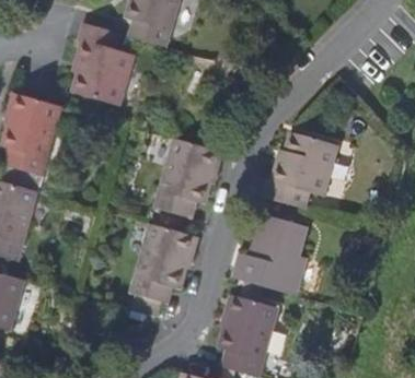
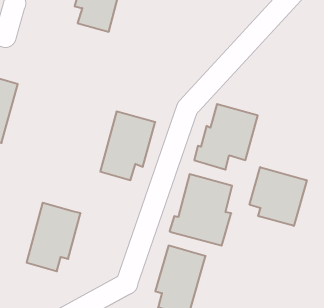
building: [73,25,134,106] -> none
building: none -> [250,167,307,226]
building: [131,225,194,304] -> [27,203,81,271]

